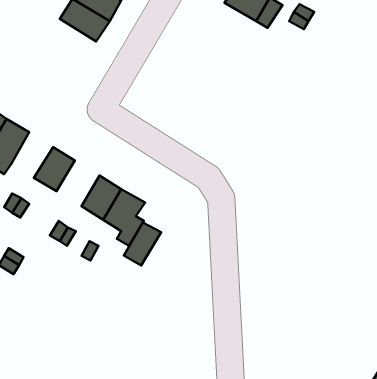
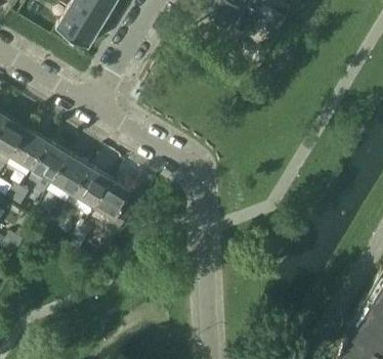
building: none -> [13,129,51,170]
building: none -> [54,154,93,195]
building: [124,222,161,266] -> none

